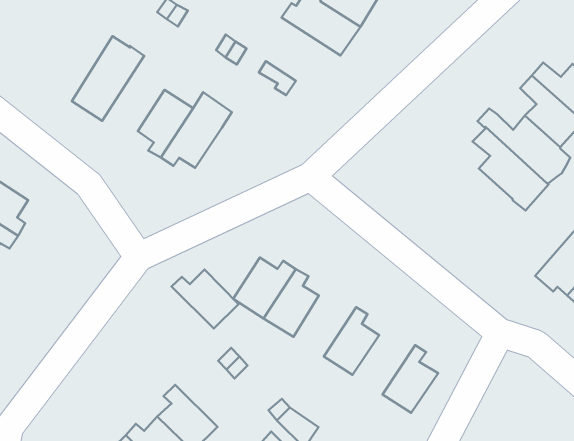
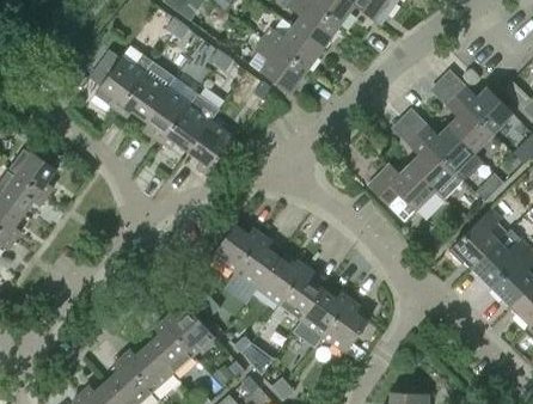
building: none -> [249,38,306,93]
building: none -> [117,62,176,121]
building: none -> [188,122,233,176]
building: none -> [368,165,434,221]
building: [172,269,239,329] -> [163,308,214,355]
building: none -> [257,257,307,305]
building: none -> [301,290,351,337]

